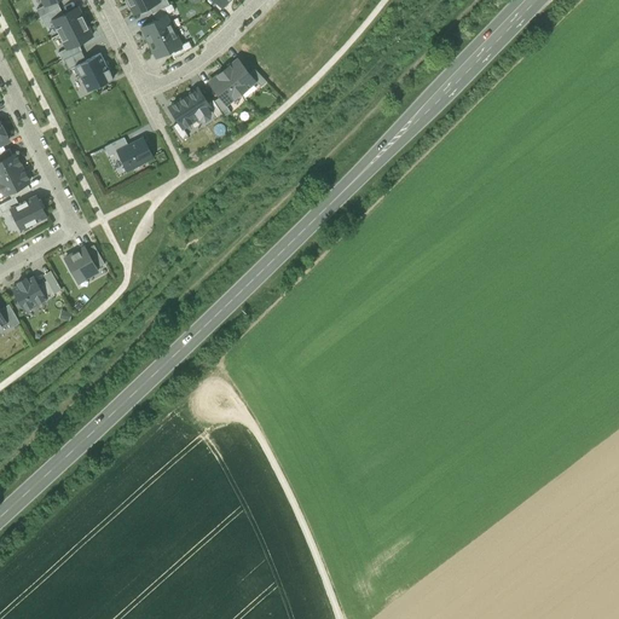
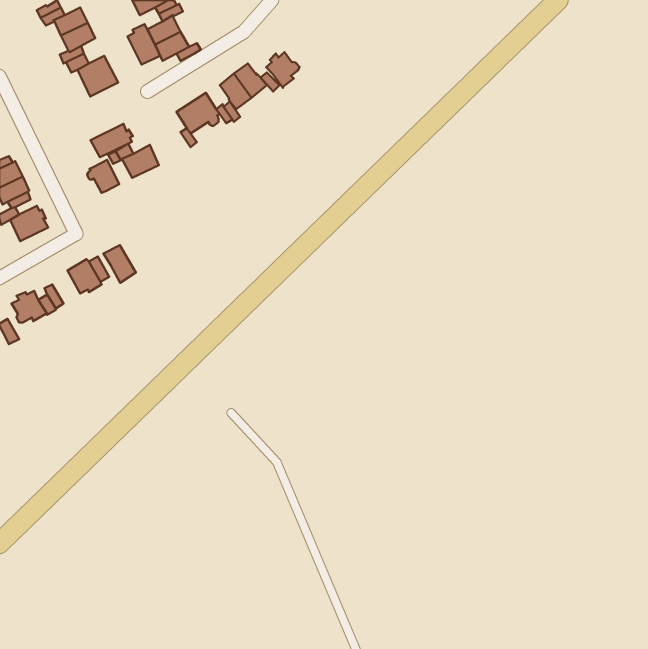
building: none -> [128,24,160,64]
building: none -> [266,52,299,88]
building: none -> [91,124,133,157]
building: none -> [87,160,119,193]
building: none -> [104,245,136,283]

